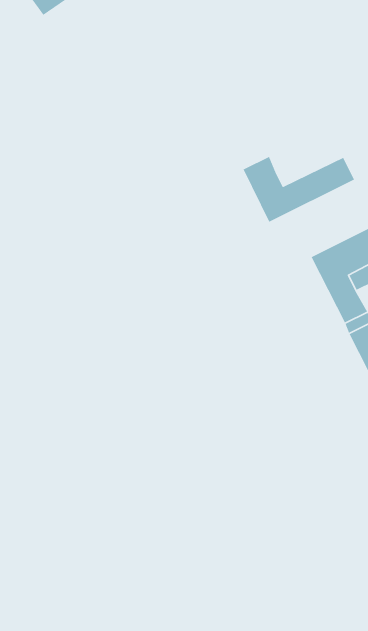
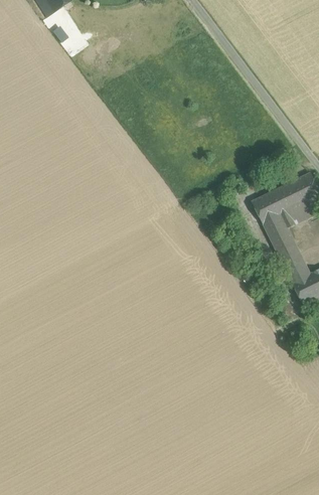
building: [243,156,355,223] -> none

